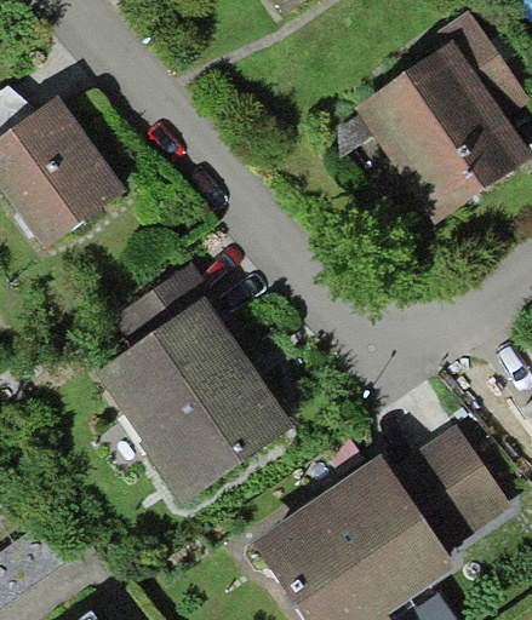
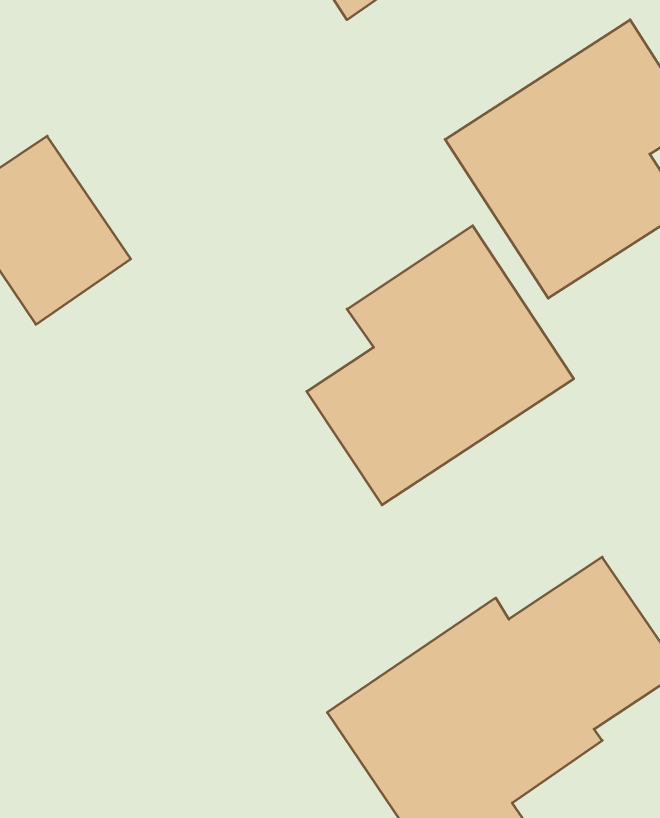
building: none -> [307,226,574,505]
building: [93,268,287,490] -> none

